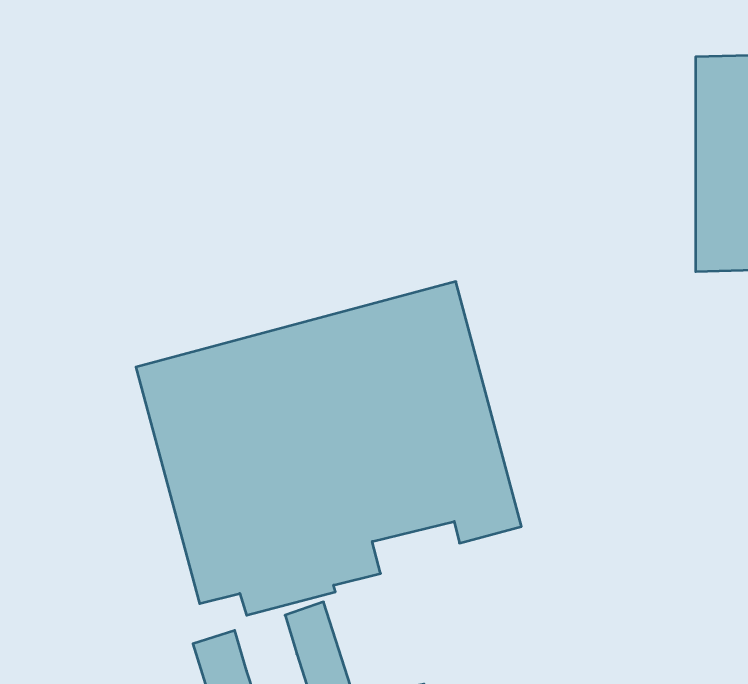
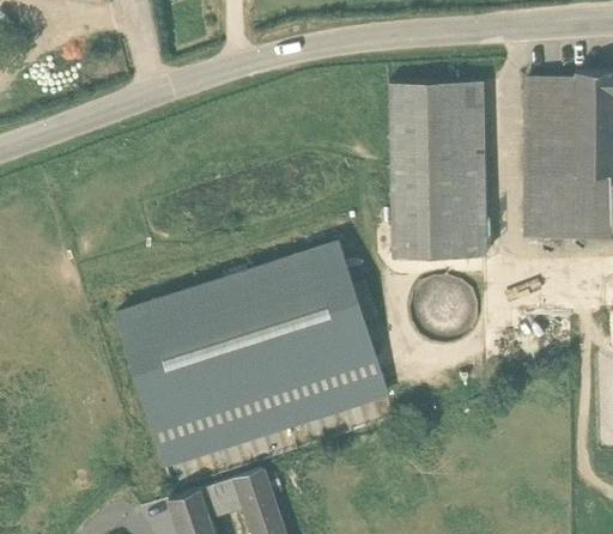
building: none -> [388,81,484,257]
building: none -> [198,479,242,518]

